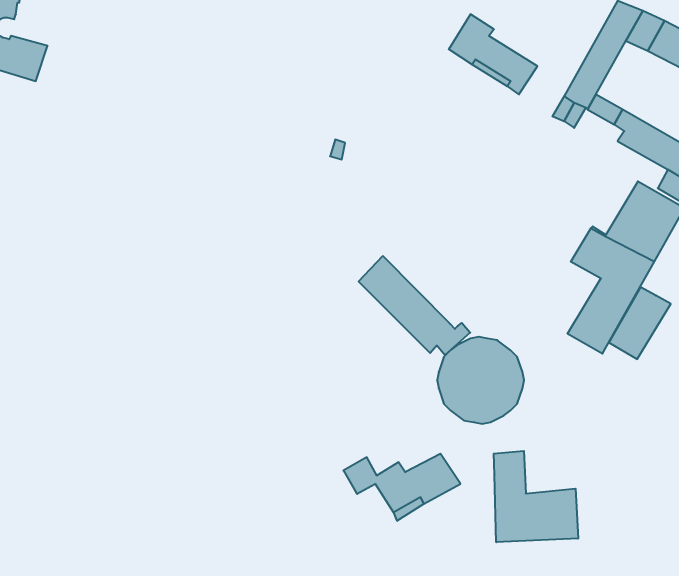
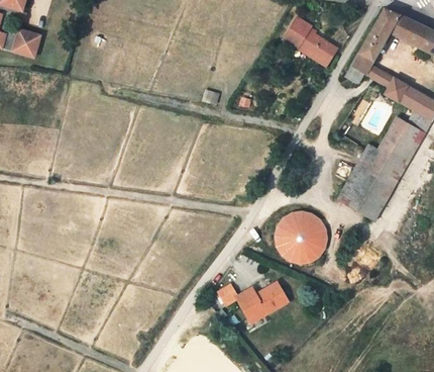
building: [359,256,470,355] -> none
building: [609,287,671,359] -> [336,166,373,209]
building: [494,451,578,542] -> none

